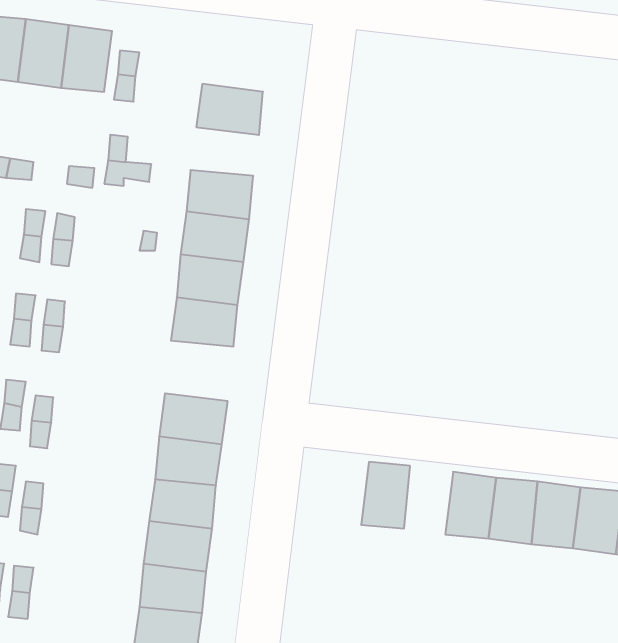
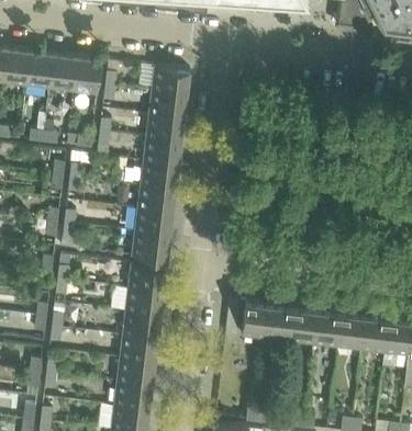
building: none -> [153,65,190,93]
building: none -> [146,113,185,140]
building: none -> [132,232,170,260]
building: none -> [266,303,293,341]

